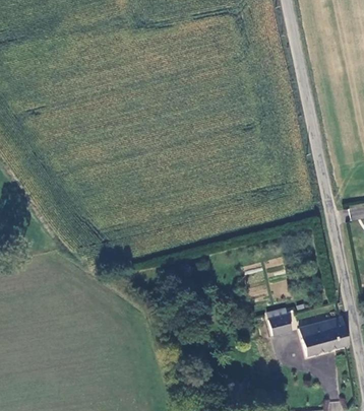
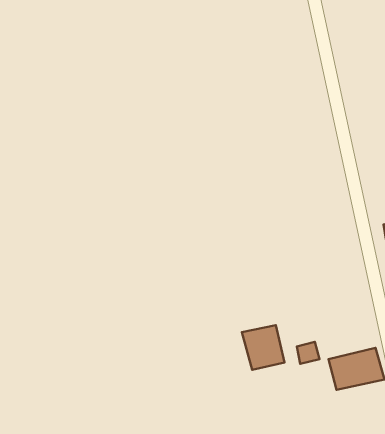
building: none -> [242,325,285,370]

